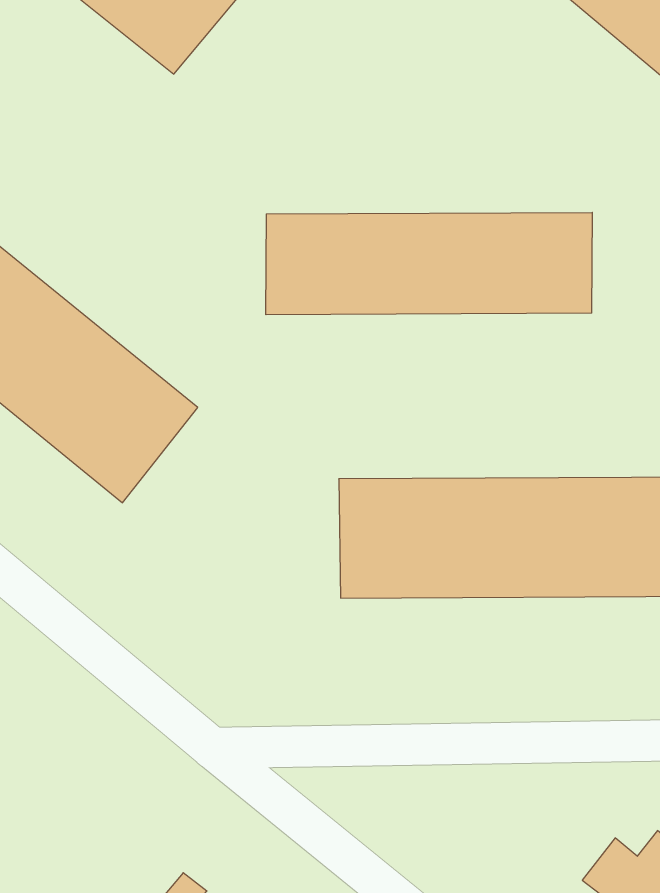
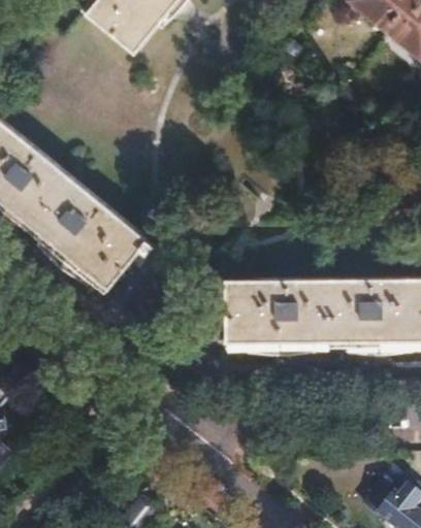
building: [266,212,592,315] -> none

